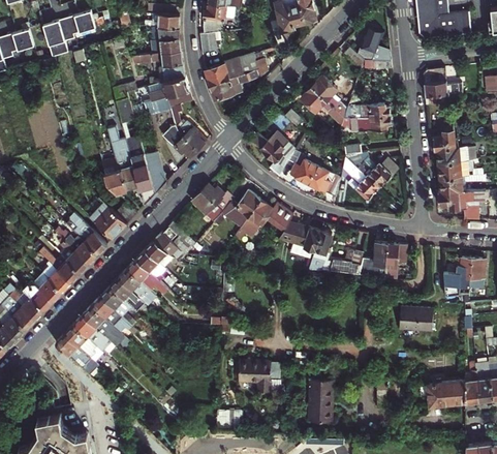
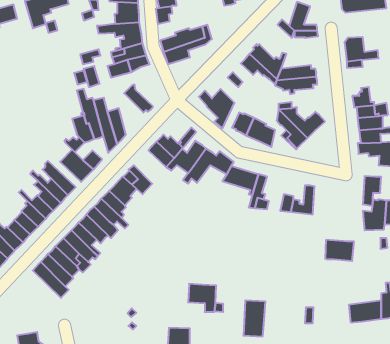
building: [172,103,208,150] -> none
building: [385,244,407,279] -> [363,176,381,206]

